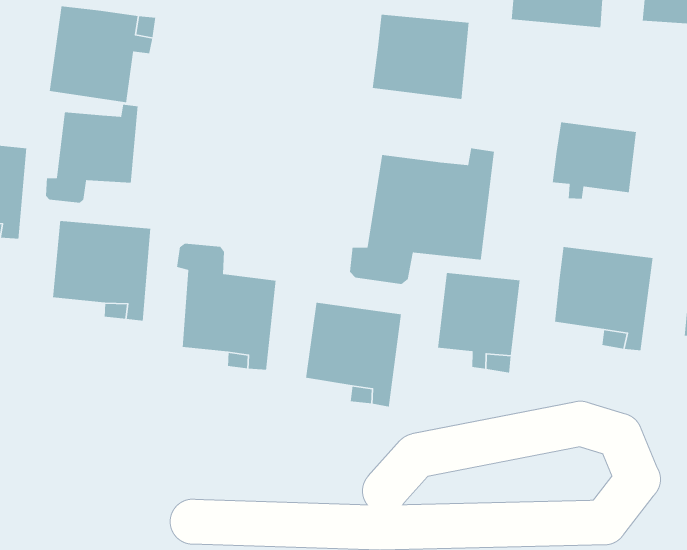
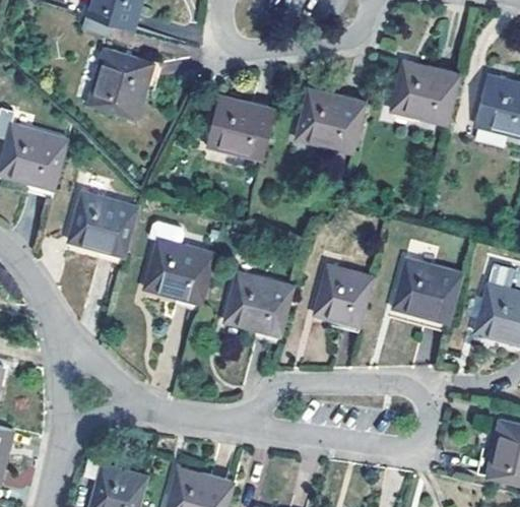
building: none -> [208,97,277,160]
building: [45,104,138,203] -> none
building: [552,122,637,200] -> none
building: [349,148,495,285] -> none

